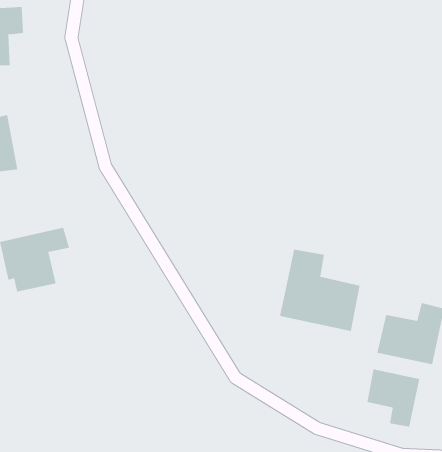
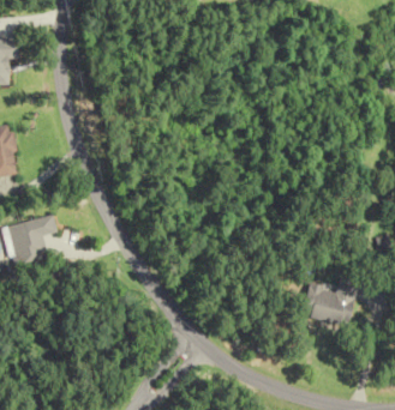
building: [280,249,360,332] -> none
building: [367,369,420,427] -> none

